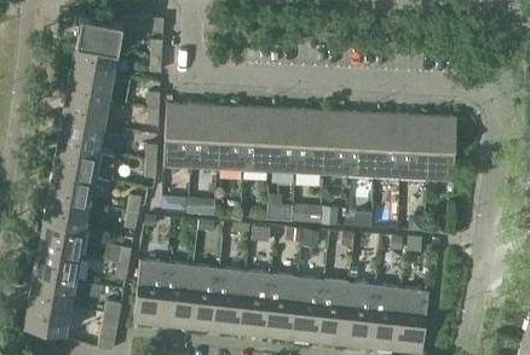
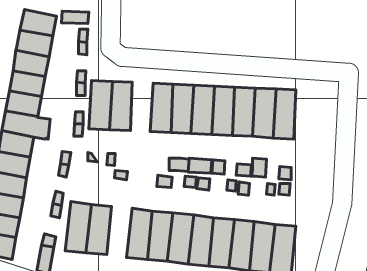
building: [218,107,247,170] -> none
building: [427,117,457,181] -> none
building: [188,266,220,331] -> none

